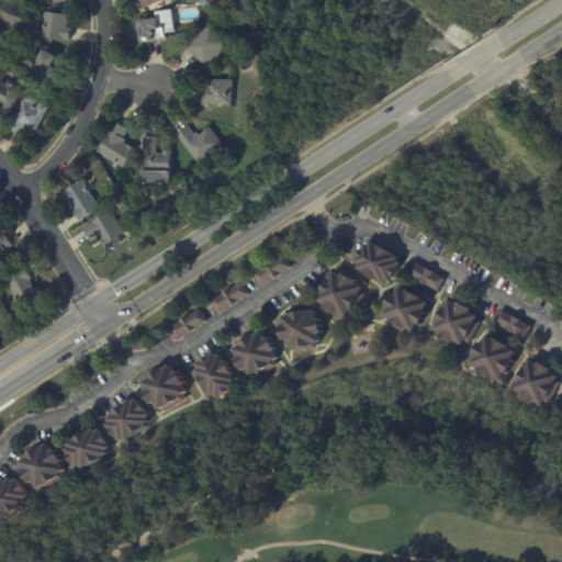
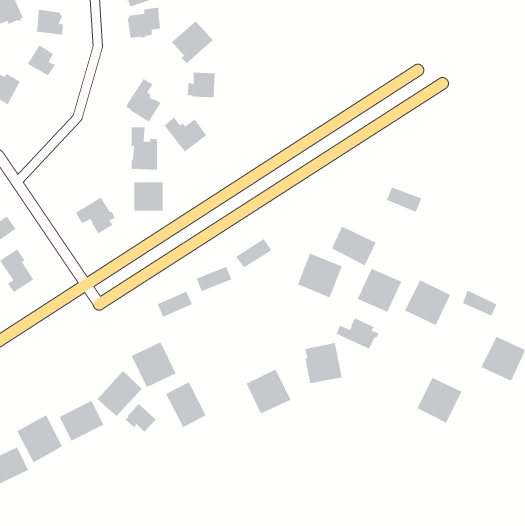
building: [5,93,47,134] -> none
building: [95,121,134,168] -> [125,78,162,123]
building: [58,179,97,220] -> none
building: none -> [134,181,163,212]
building: [405,262,443,290] -> [386,187,422,213]
building: [280,307,321,351] -> [304,343,343,384]
building: [231,330,279,379] -> [246,369,291,414]
building: [468,334,516,383] -> [417,377,462,424]
building: none -> [336,317,379,350]
building: [192,349,236,398] -> [165,381,207,428]
building: none -> [124,403,156,433]

